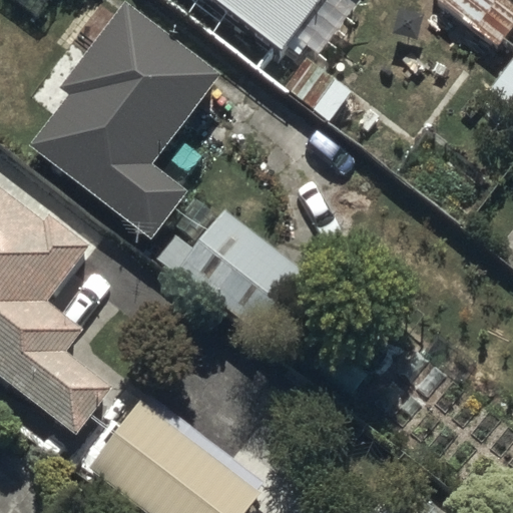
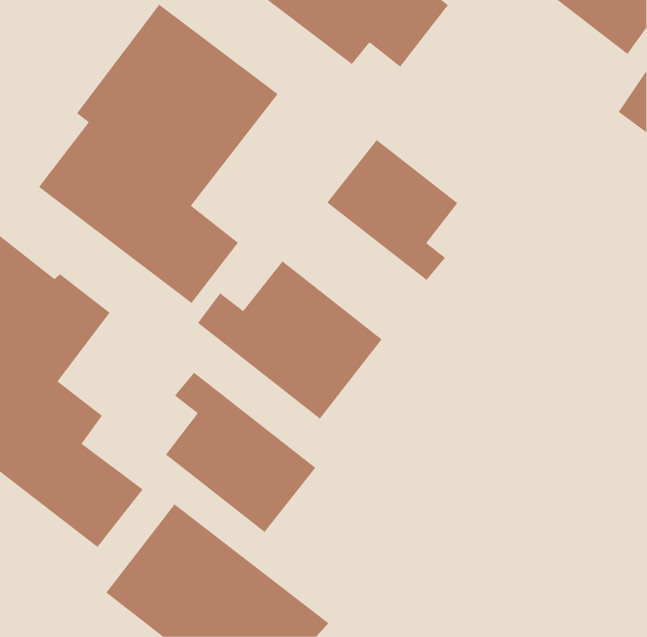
building: none -> [327,139,458,281]
building: none -> [165,372,316,533]

